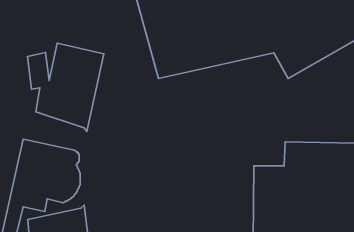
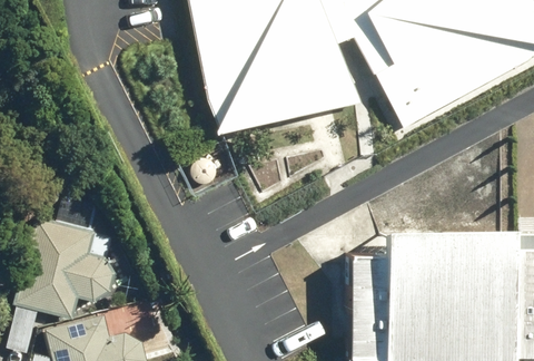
building: [27,43,104,132] -> none

